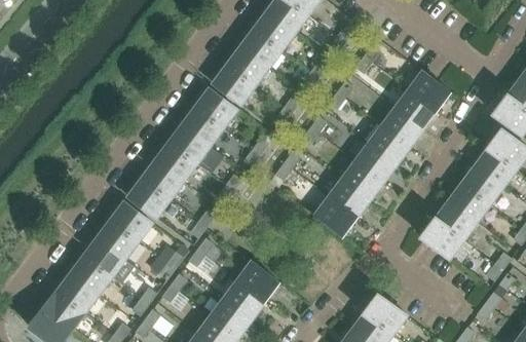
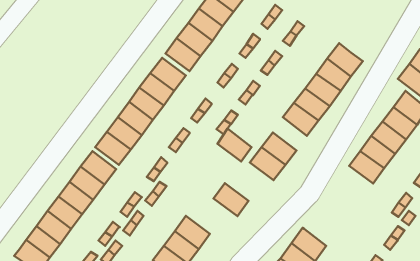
building: [342,159,383,199] -> [217,128,251,162]
building: [421,218,463,258] -> none
building: [237,260,279,300] -> [214,183,248,216]

